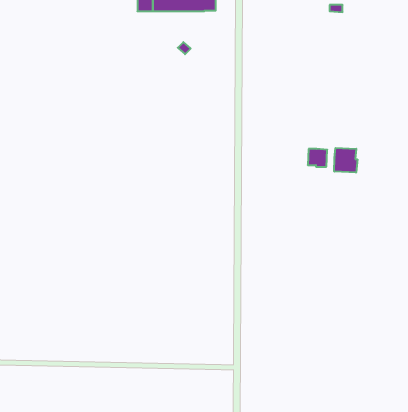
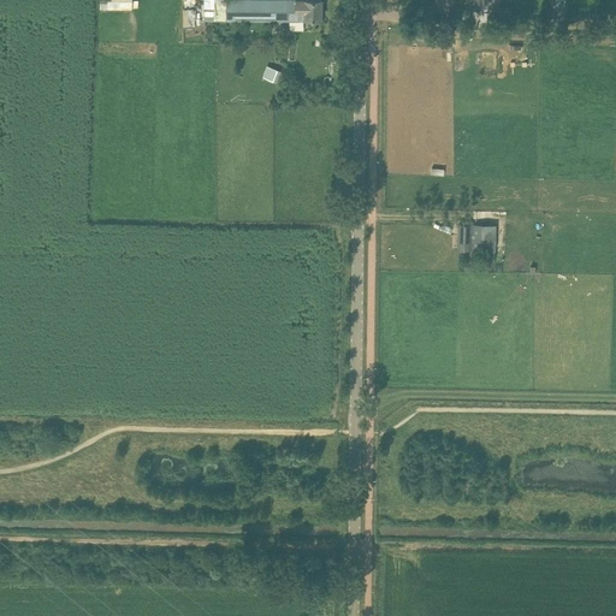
building: [334,148,357,173] -> none

